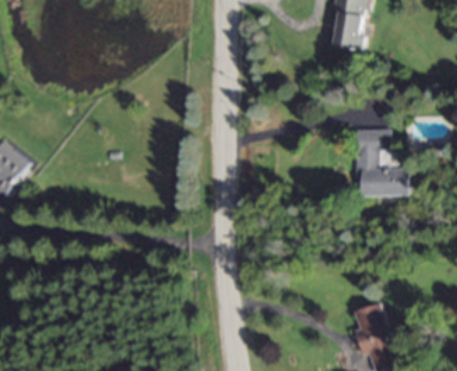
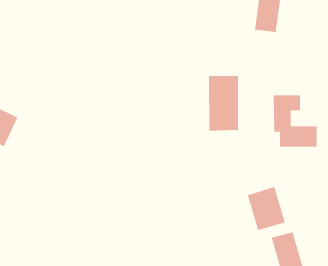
building: none -> [208,75,239,132]
building: none -> [247,186,285,231]

